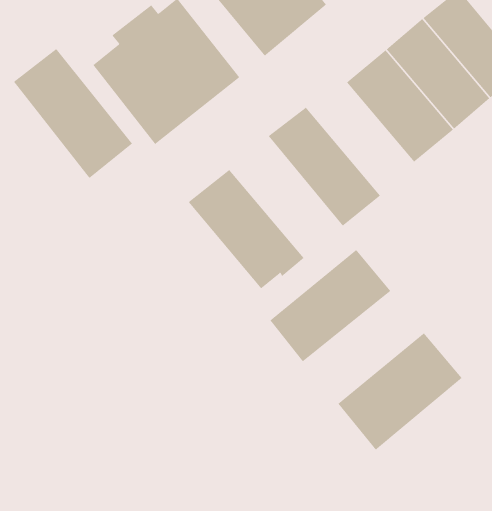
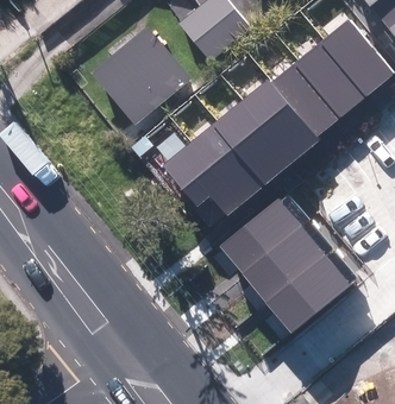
building: [13,48,133,179] -> none
building: none -> [242,80,318,160]
building: none -> [189,120,267,203]
building: none -> [239,226,322,303]

